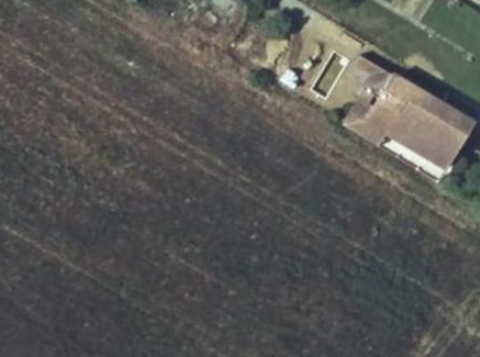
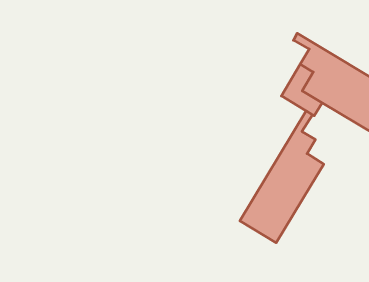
building: none -> [240,111,324,243]

